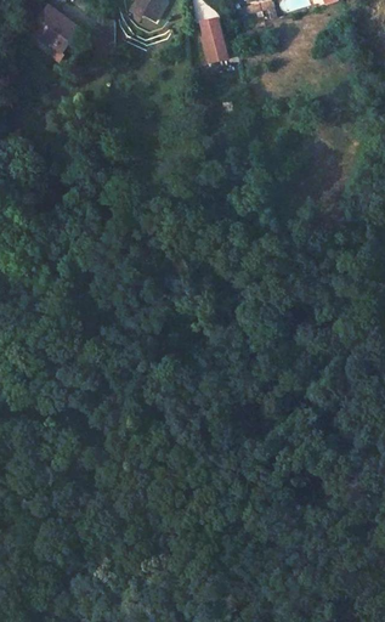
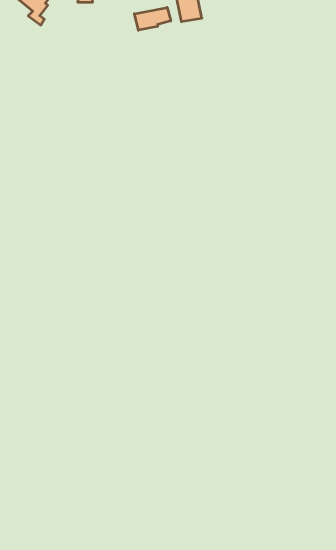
building: none -> [134,7,171,30]

